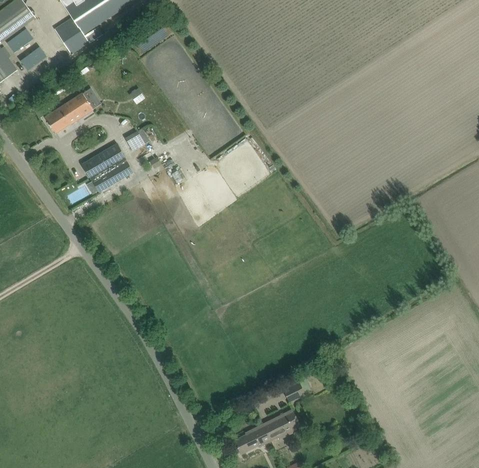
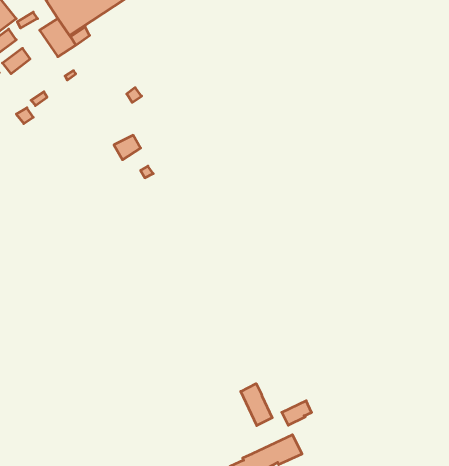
building: [45,87,101,132] -> none
building: [82,143,132,189] -> none
building: none -> [241,384,272,426]

